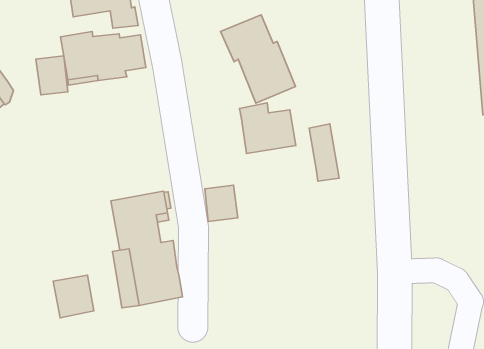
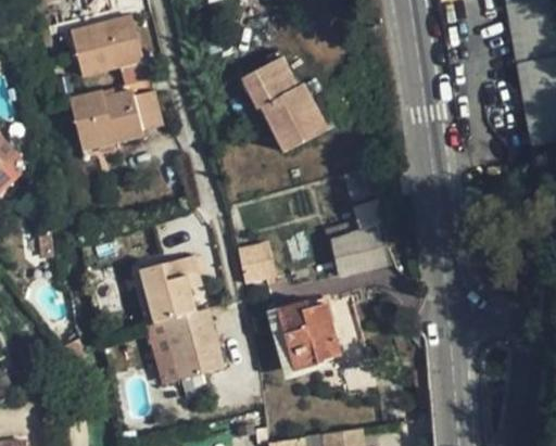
building: [36,56,68,95] -> none
building: [239,103,296,154] -> [327,220,391,277]
building: none -> [276,302,340,371]
building: [53,275,94,318] -> none

